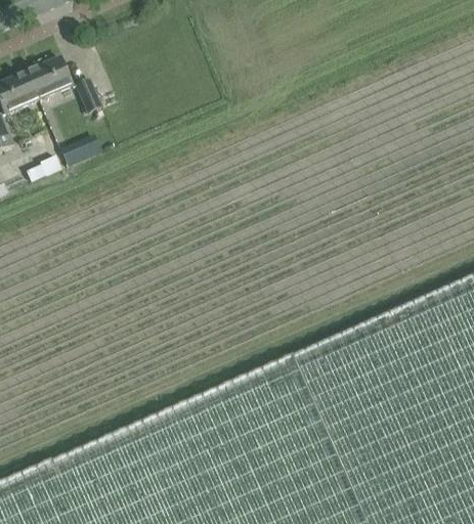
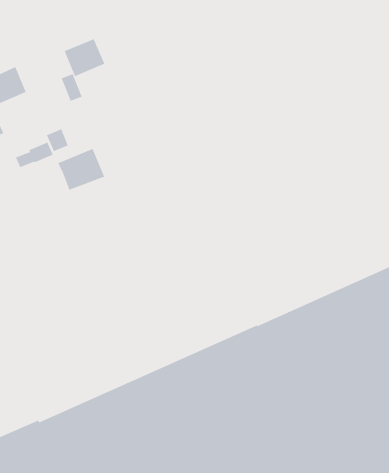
building: [31,63,76,105] -> [64,39,105,77]
building: none -> [57,148,105,191]

